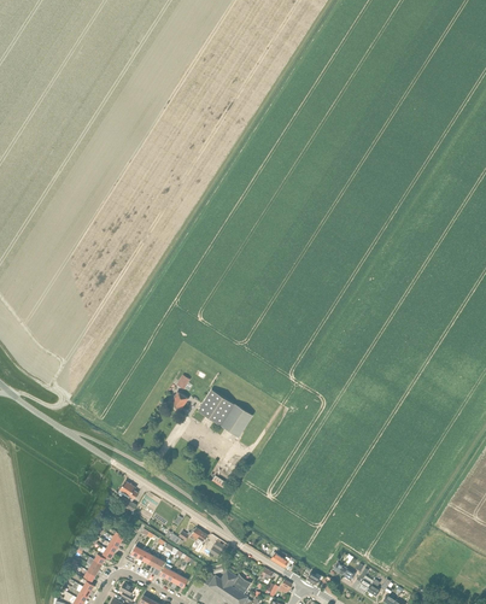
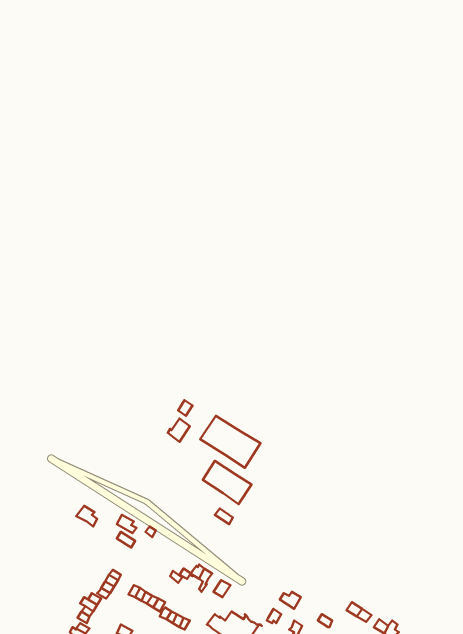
building: none -> [203,461,252,504]

